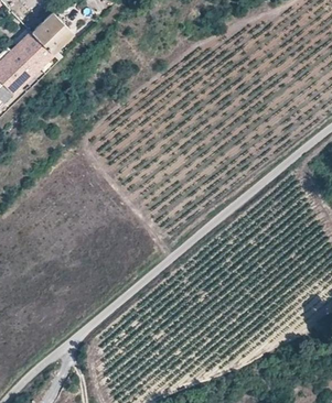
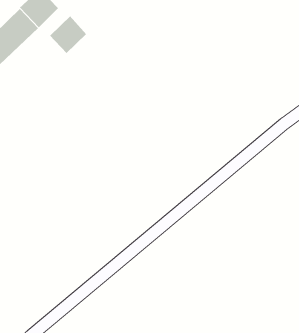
building: none -> [49,16,87,54]

